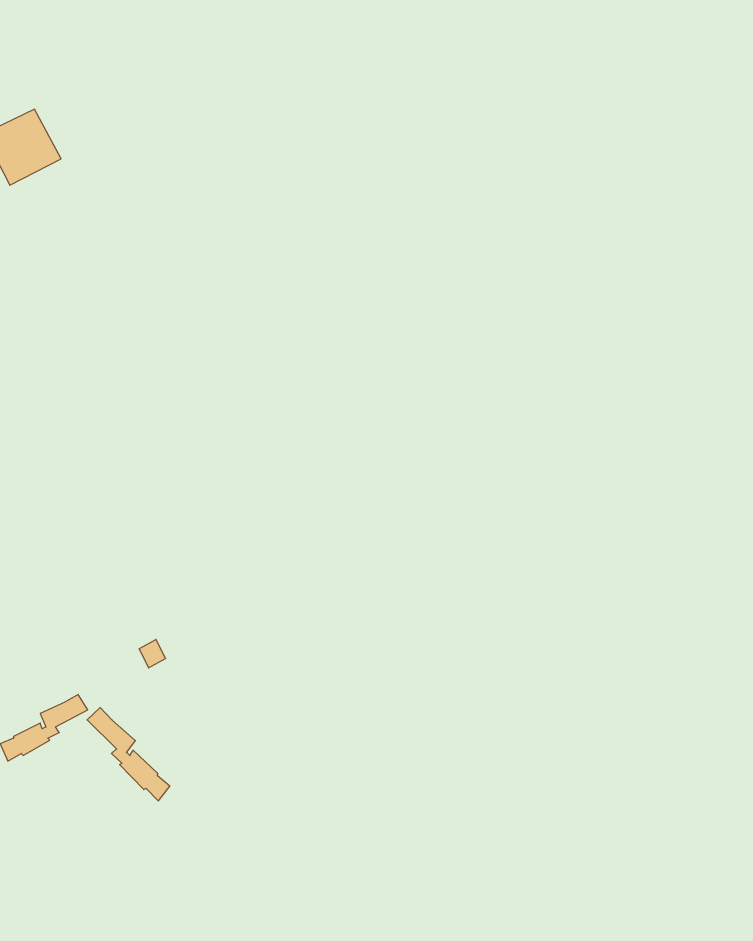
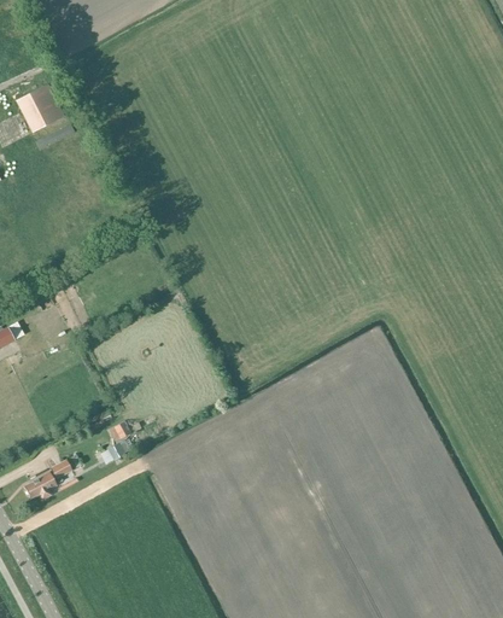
building: [87,708,170,801] -> none

